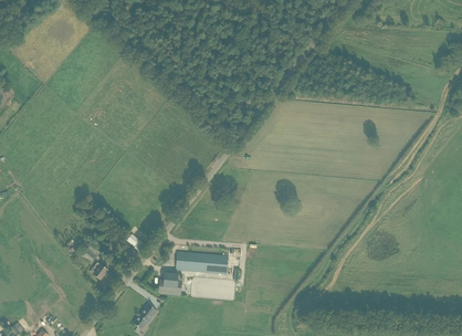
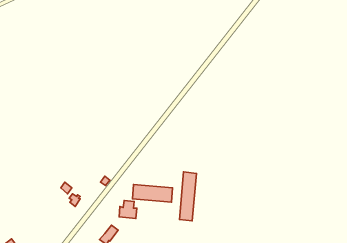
building: none -> [179,172,196,221]

